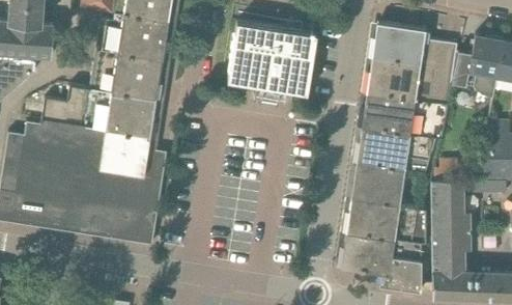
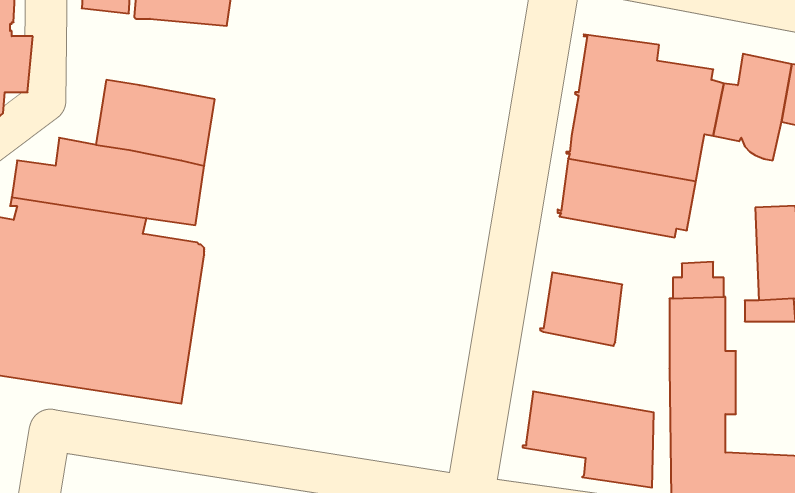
building: [96,15,168,62] -> none
building: [226,22,315,101] -> none
building: [359,132,433,173] -> none
building: [348,200,425,248] -> none

